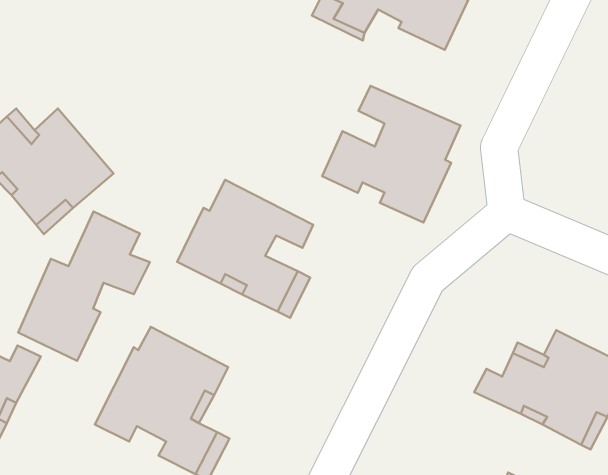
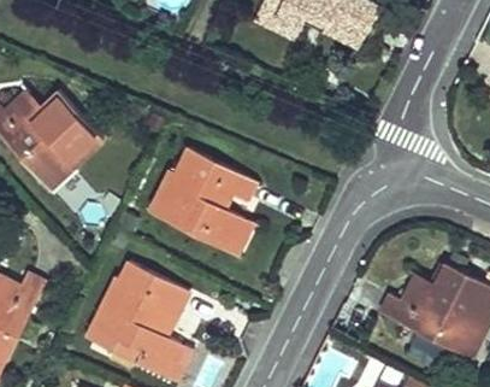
building: [322,86,461,223] -> none
building: [18,212,150,361] -> none

